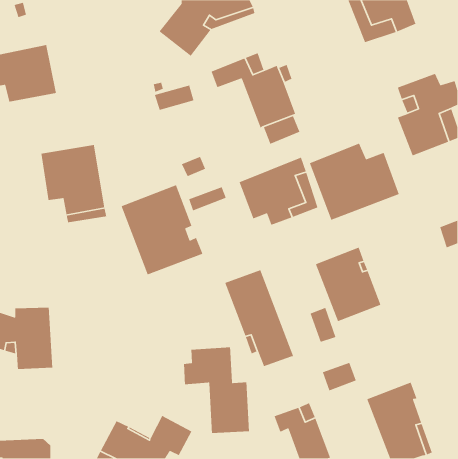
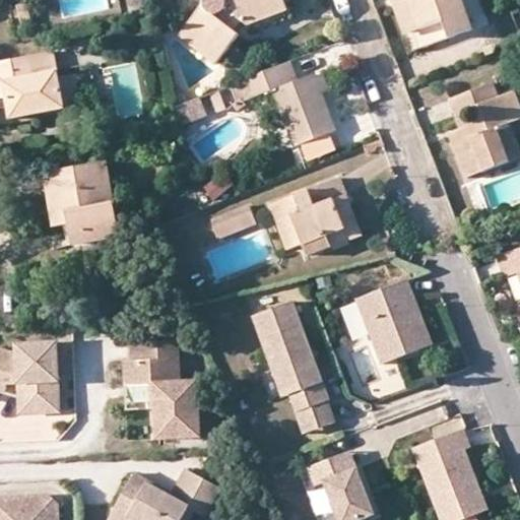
building: [309,142,400,221] -> none
building: [120,184,203,275] -> none
building: [183,346,250,434] -> [122,338,197,437]
building: [322,362,357,391] -> [298,403,337,437]

